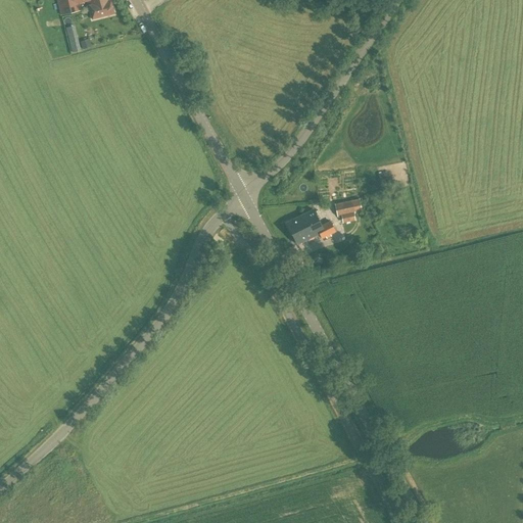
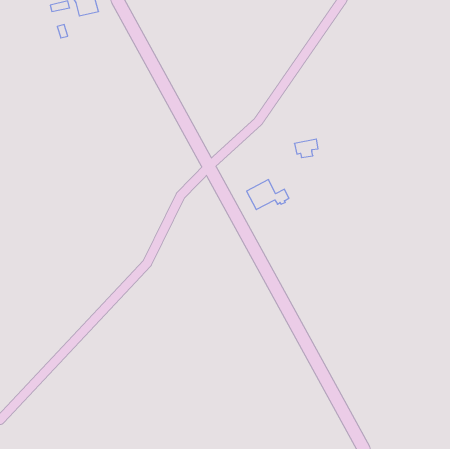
building: [334,198,362,220] -> [294,139,318,158]

